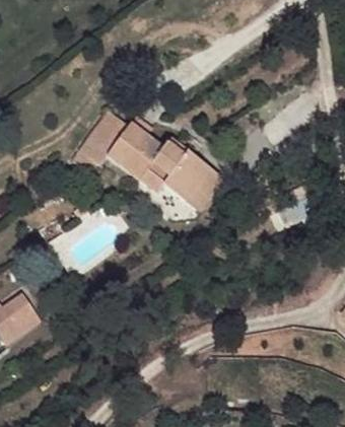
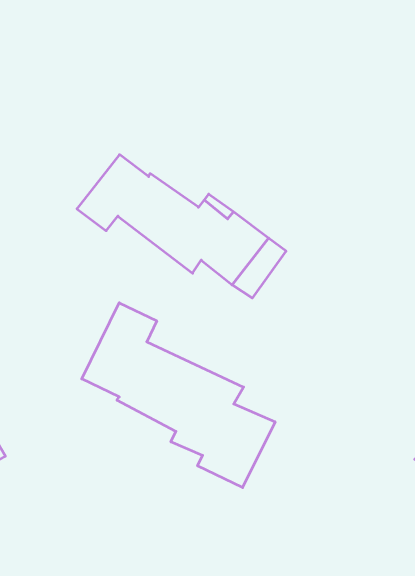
building: none -> [82,303,275,488]

